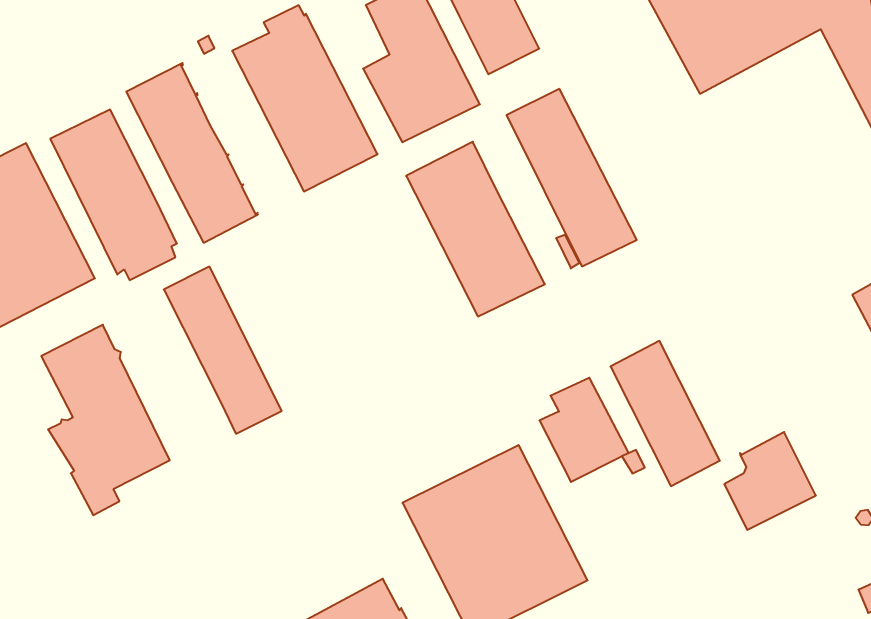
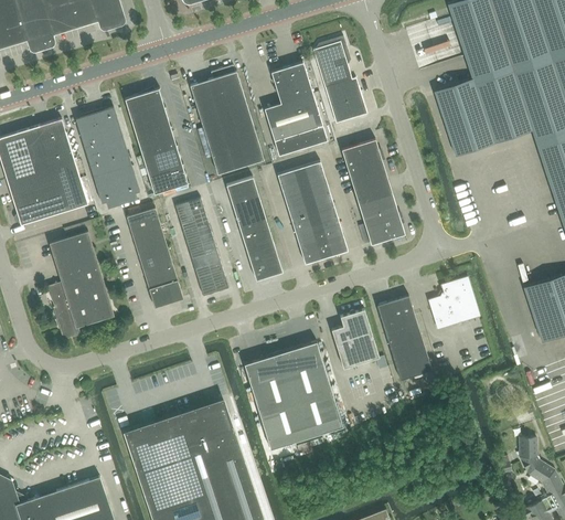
building: none -> [226,177,282,280]
building: none -> [175,198,228,296]
building: [724,432,816,530] -> [428,276,480,329]

